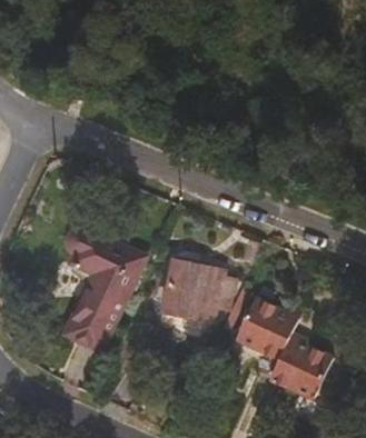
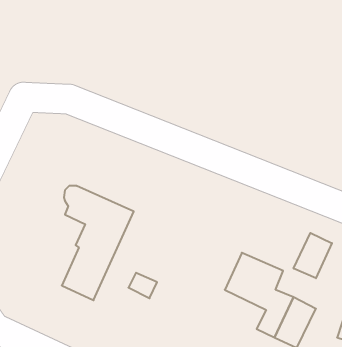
building: [161,259,235,319] -> none
building: none -> [294,233,332,278]

